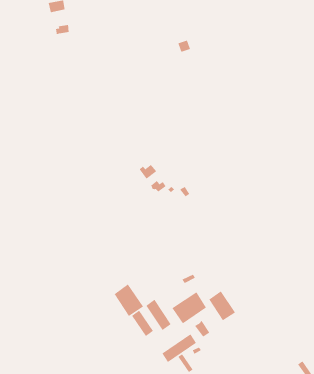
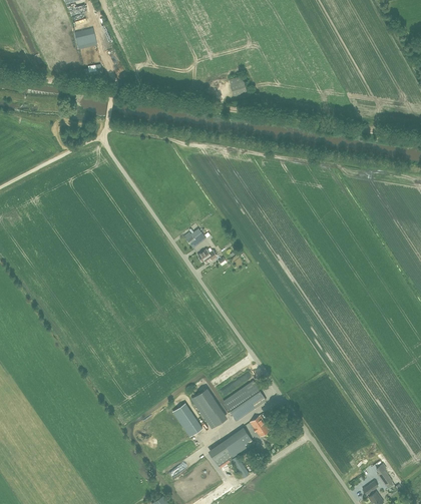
building: [114,284,144,317] -> none
building: [209,290,236,321] -> none

